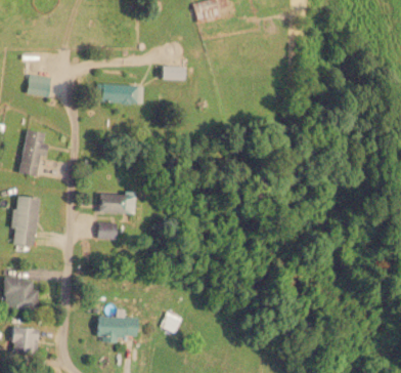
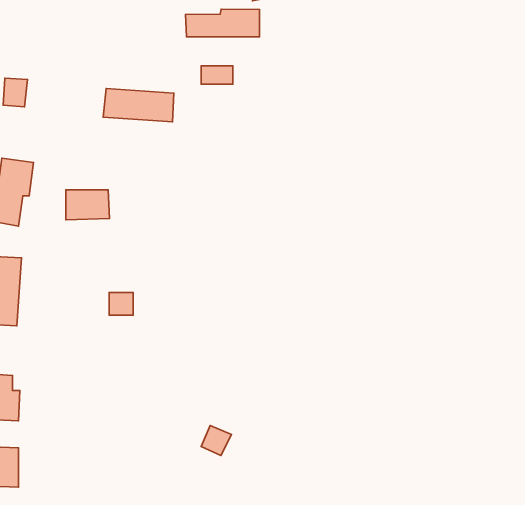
building: none -> [185,9,260,37]
building: [99,193,129,213] -> [66,190,110,220]
building: [97,316,136,341] -> none

